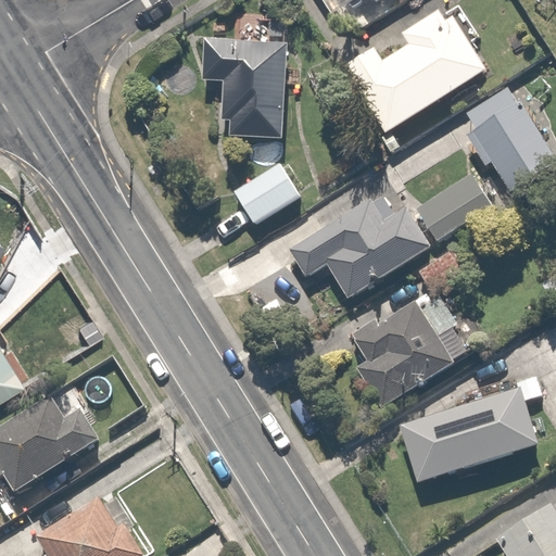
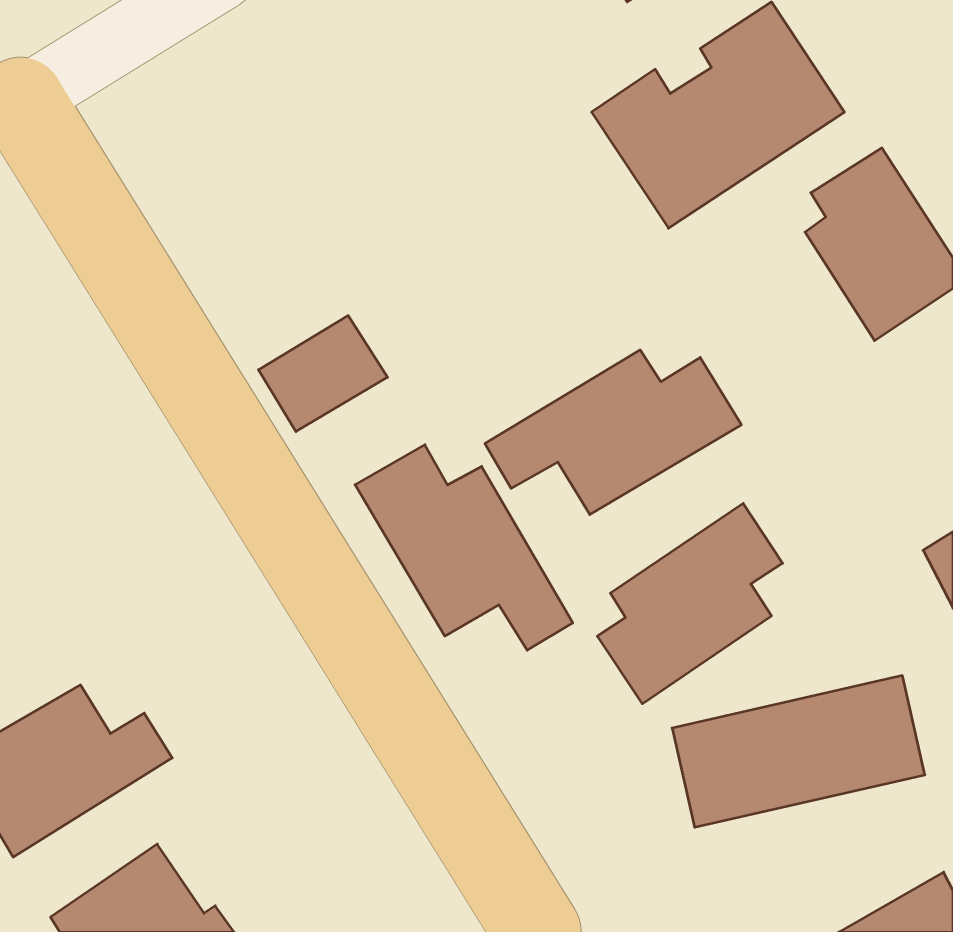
building: [199,33,302,141] -> none
building: [227,159,302,226] -> [258,316,388,432]
building: [421,174,490,233] -> none
building: none -> [355,445,573,650]

